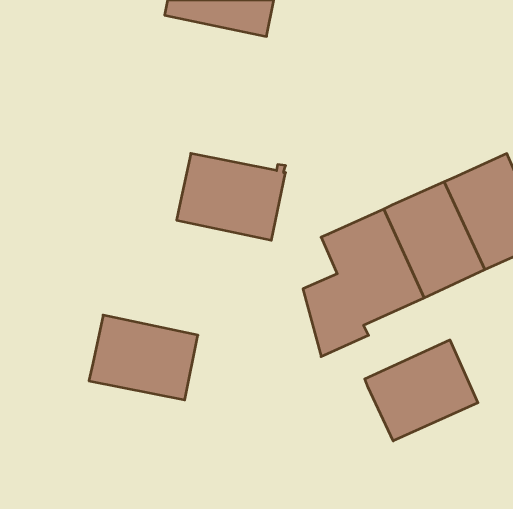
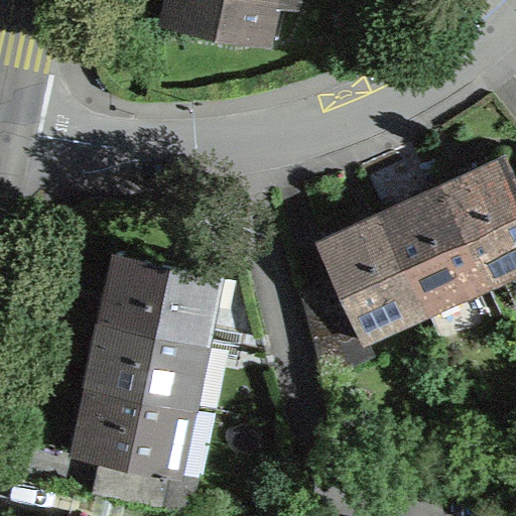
building: [177,153,286,240] -> [106,255,215,342]
building: [365,340,478,441] -> none
building: none -> [78,387,187,511]

